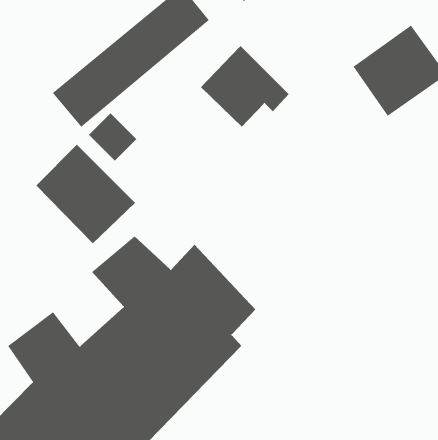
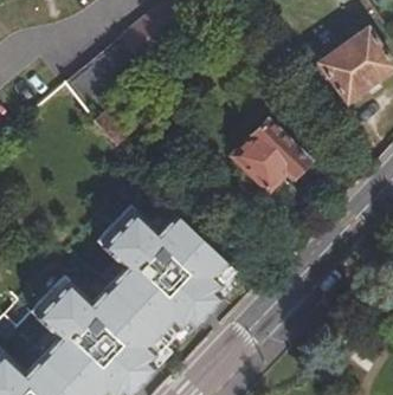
building: [200,45,290,128] -> [233,118,309,188]
building: [35,144,136,244] -> none

